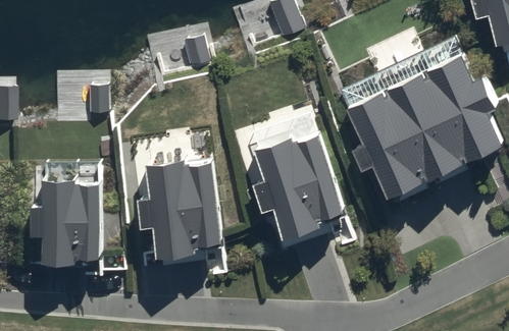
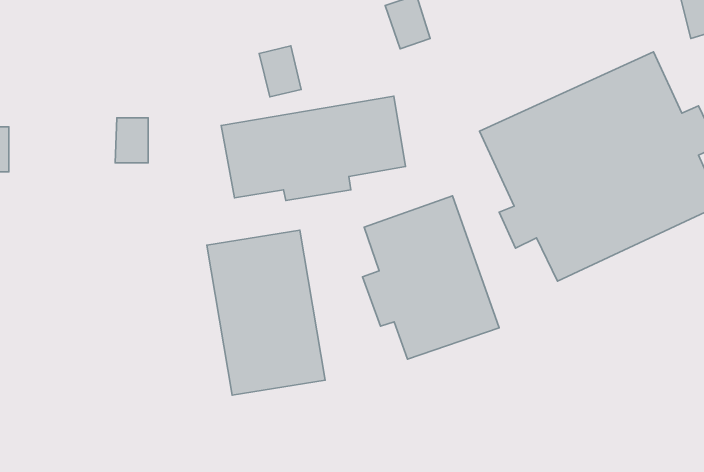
building: none -> [221,96,405,200]
building: [29,182,98,271] -> none

